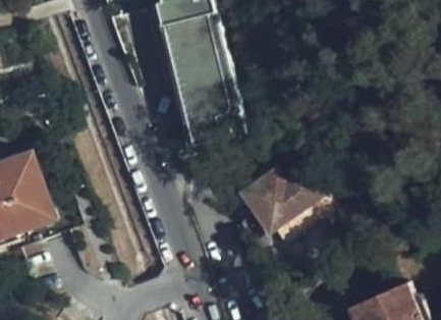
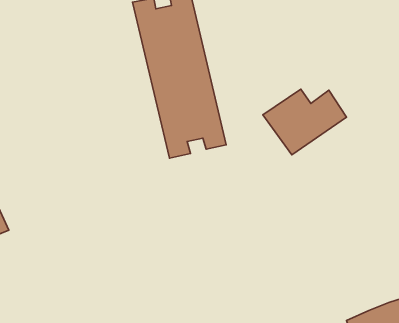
building: [240,169,317,229] -> [263,89,347,155]

